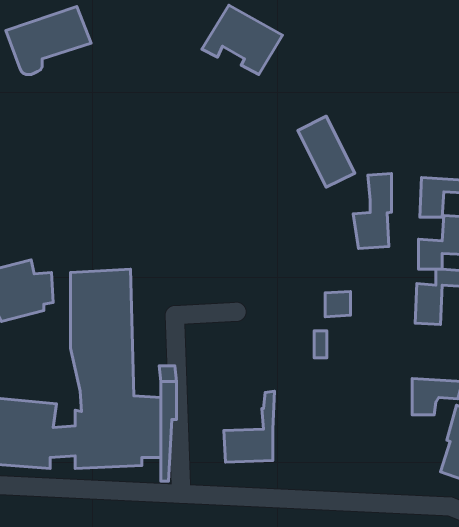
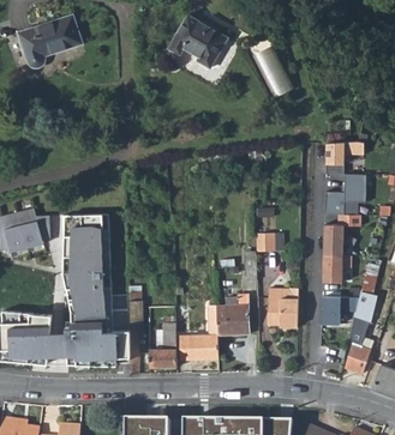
building: [298,116,355,187] -> [252,42,295,96]
building: [353,173,392,249] -> none
building: none -> [324,254,353,282]
building: none -> [268,286,299,328]
building: none -> [217,295,250,334]
building: none -> [150,306,185,368]

